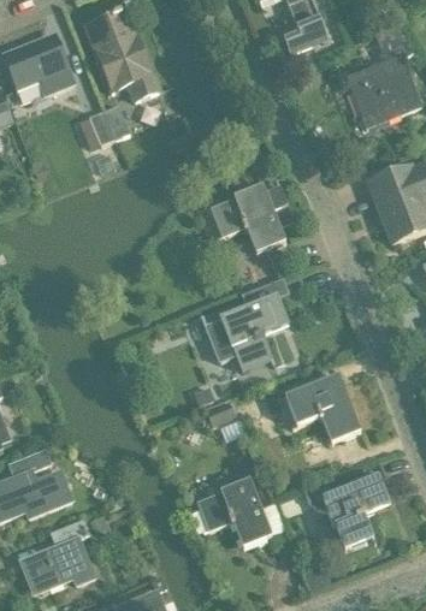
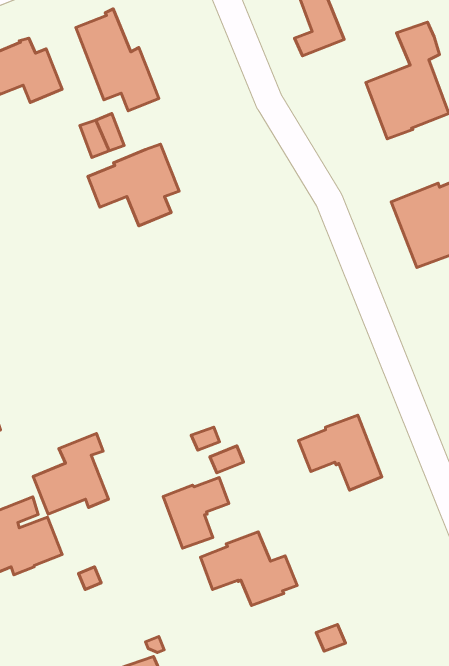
building: [211,180,292,254] -> [88,144,179,226]
building: [205,278,288,370] -> none
building: none -> [163,478,229,548]
building: [302,475,385,550] -> none
building: [28,520,95,592] -> [33,434,108,514]

